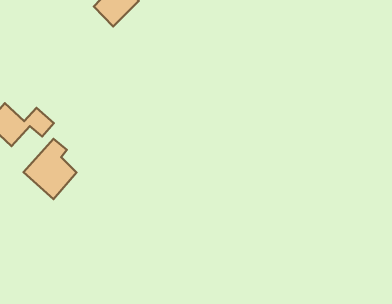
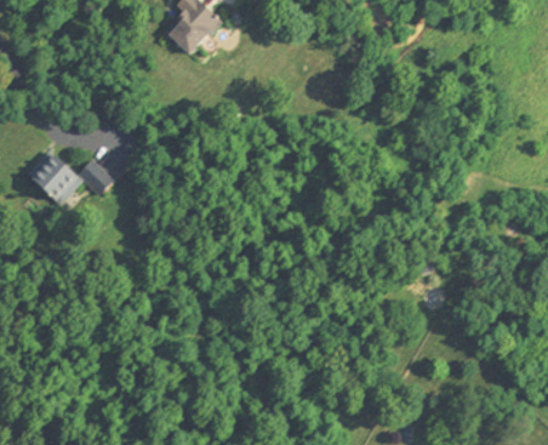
building: [23,139,77,199] -> none

